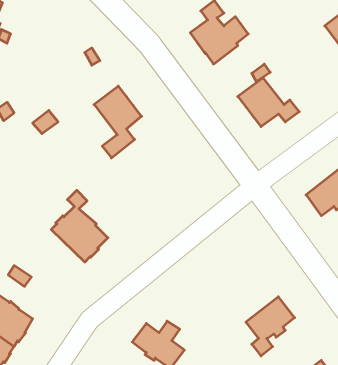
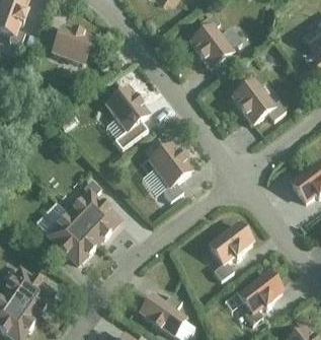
building: none -> [51,26,91,63]
building: none -> [148,143,189,200]
building: none -> [48,213,97,263]
building: none -> [208,222,251,280]

